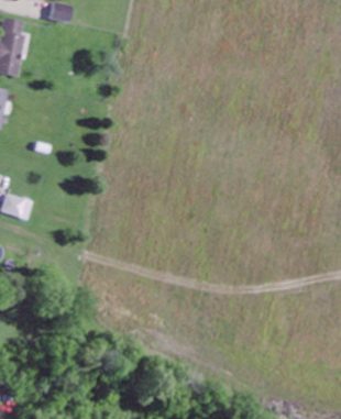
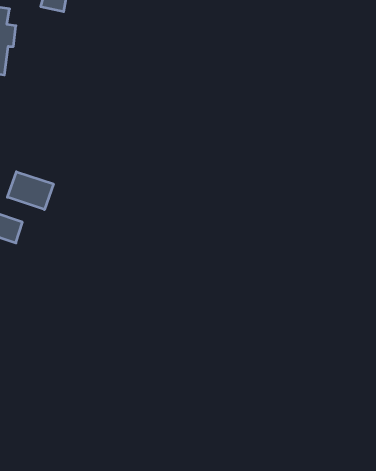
building: none -> [7,172,53,210]

